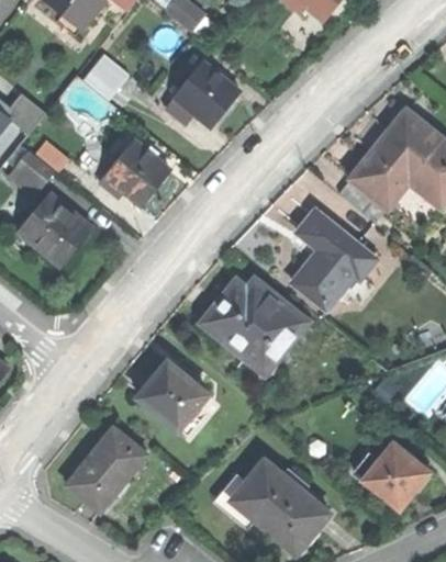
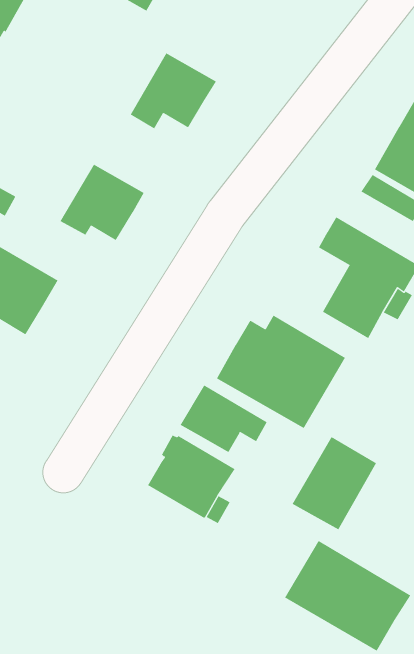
building: [83,54,129,99] -> none
building: none -> [180,384,268,453]
building: none -> [292,436,377,530]
building: [66,427,146,510] -> none

